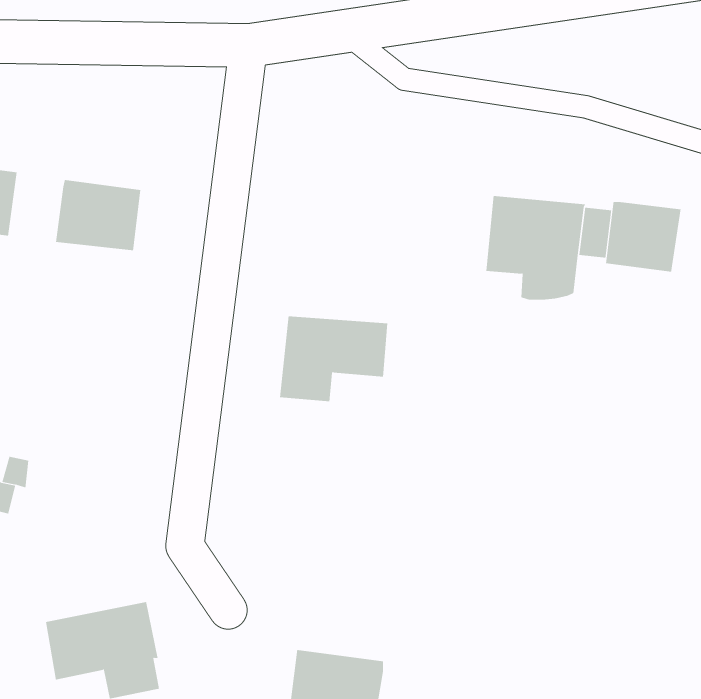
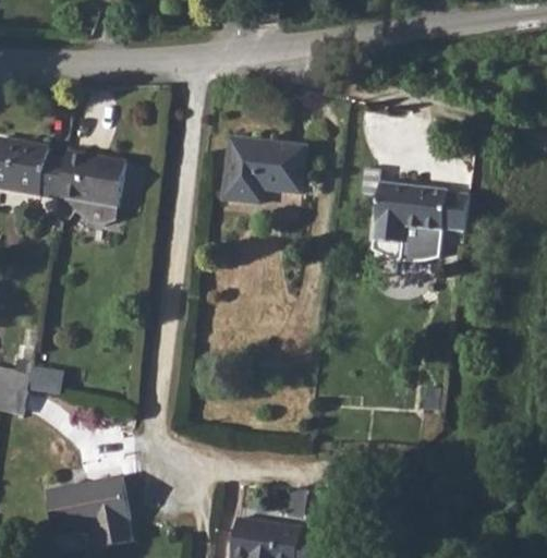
building: none -> [19,156,59,208]
building: [606,201,681,273] -> none
building: [279,316,388,402] -> [223,140,305,204]

